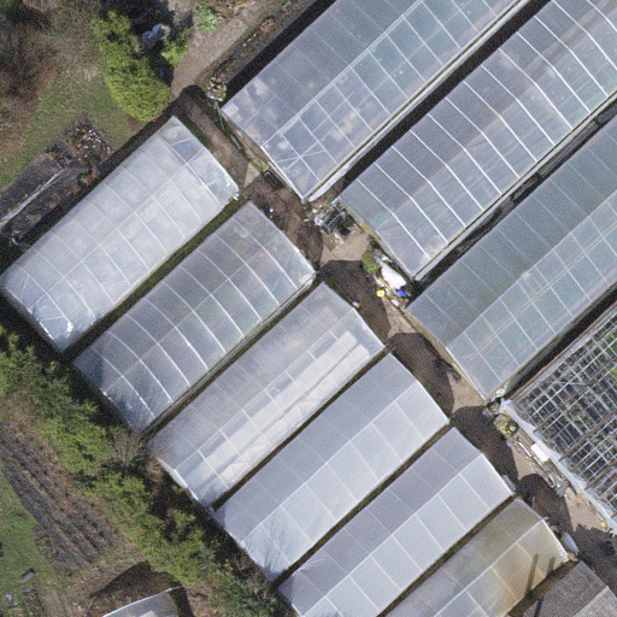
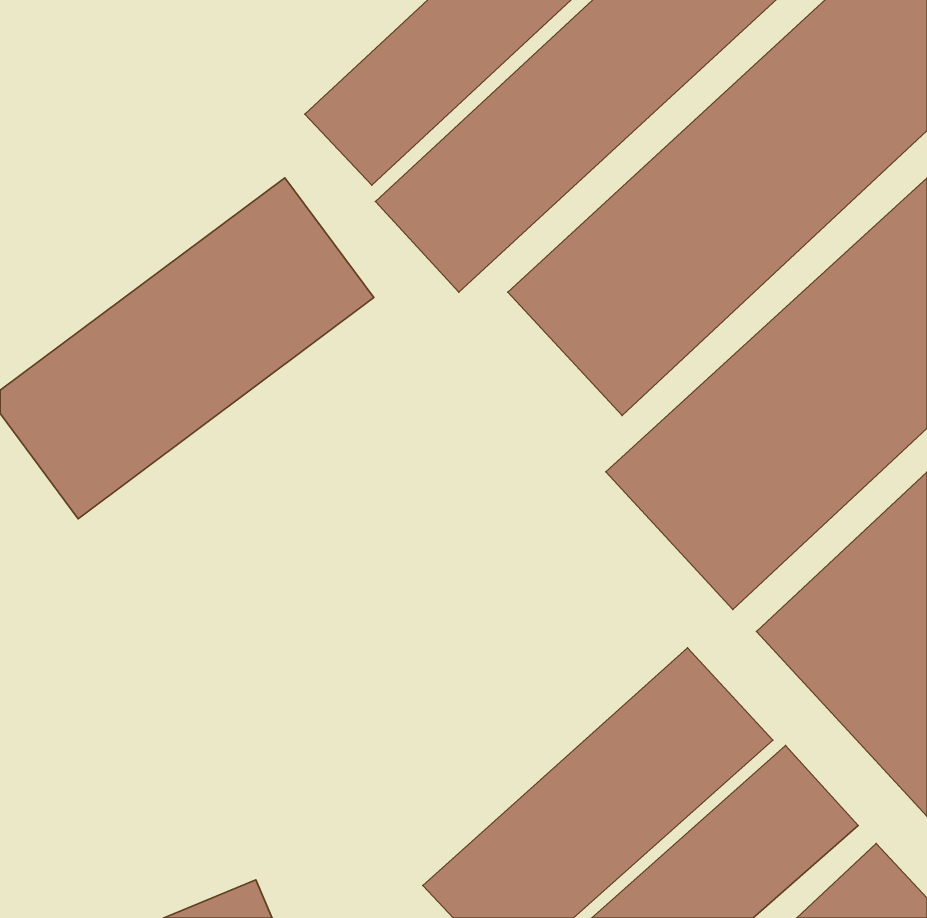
building: [77,201,319,437] -> none
building: [146,280,382,507] -> none
building: [211,354,448,580] -> none

